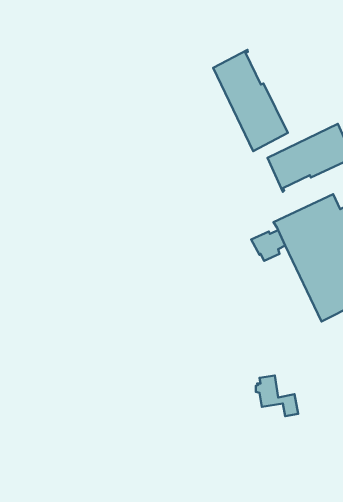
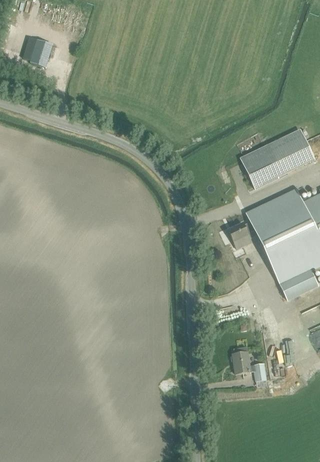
building: none -> [30,39,54,67]
building: [213,50,288,151] -> none

